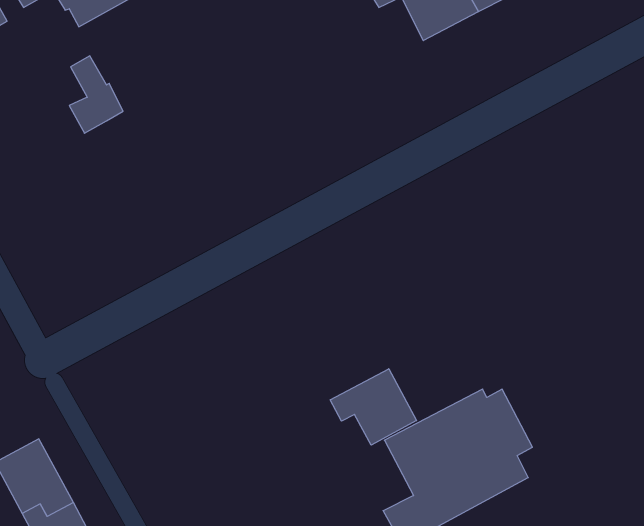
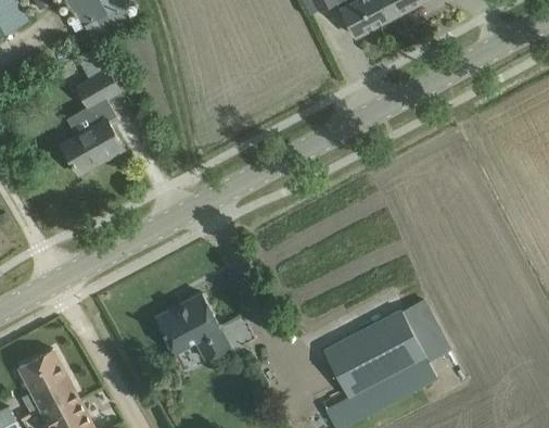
building: none -> [61,99,120,175]
building: none -> [155,293,229,360]
building: [330,369,417,445] -> none

